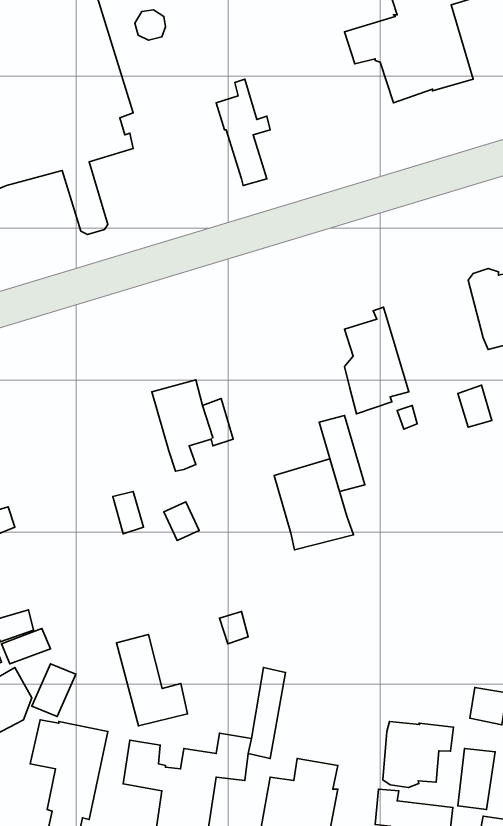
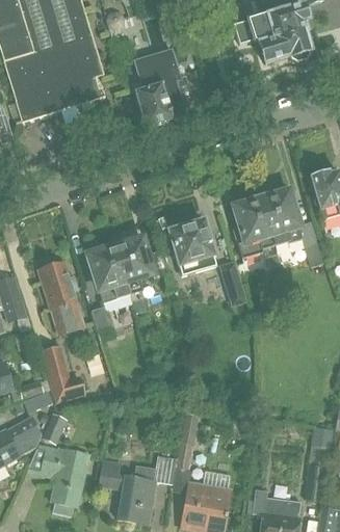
building: none -> [134,48,173,126]
building: none -> [258,189,302,244]
building: none -> [87,244,130,301]
building: none -> [38,260,83,334]
building: [274,459,354,550] -> [168,219,217,275]
building: [117,634,188,726] -> [42,345,85,401]
building: [383,721,453,787] -> none

